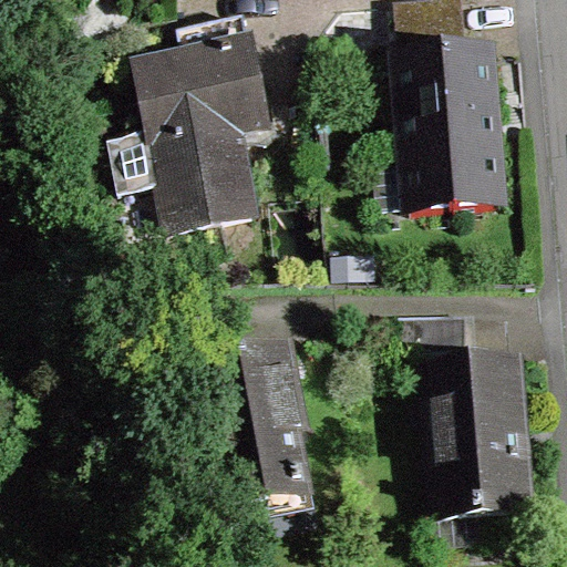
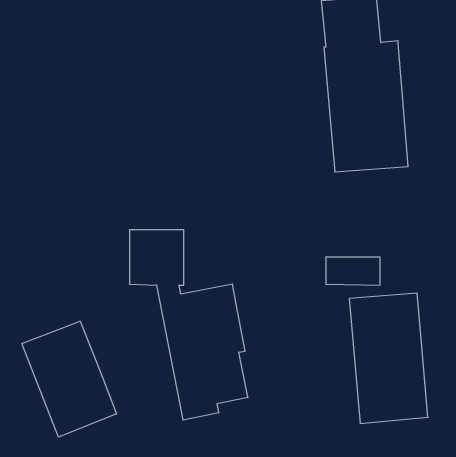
building: [117,16,271,229] -> none
building: none -> [22,321,117,437]

